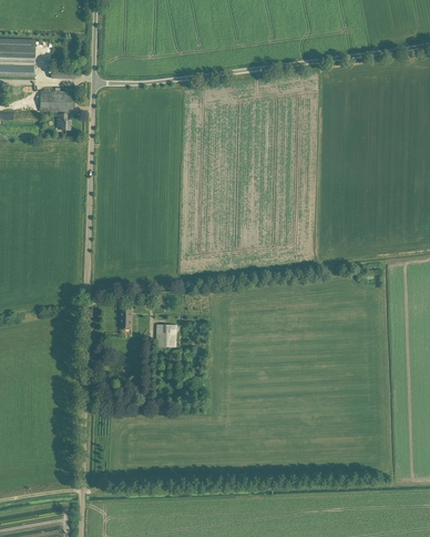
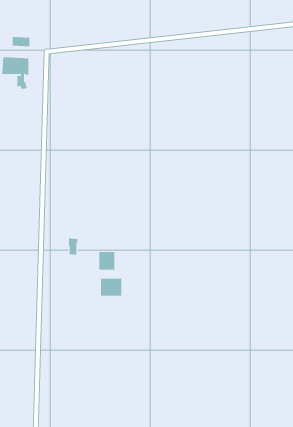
building: none -> [101,278,122,296]

